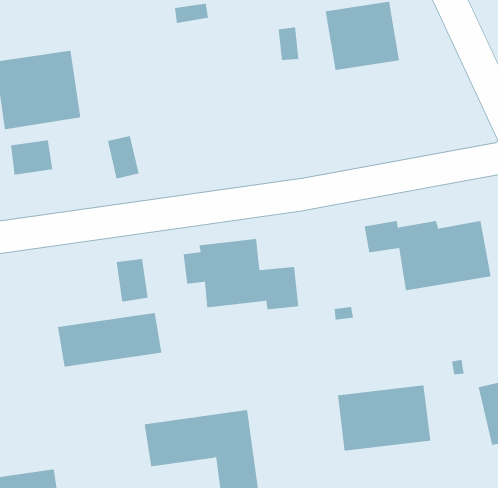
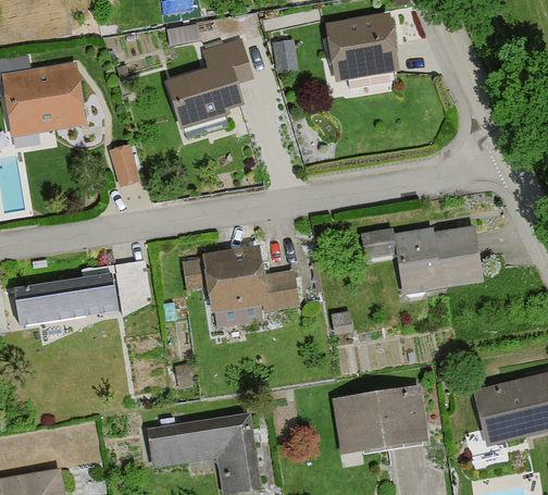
building: none -> [169,37,253,125]
building: [10,139,53,175] -> none
building: [57,312,162,367] -> [12,273,114,326]

